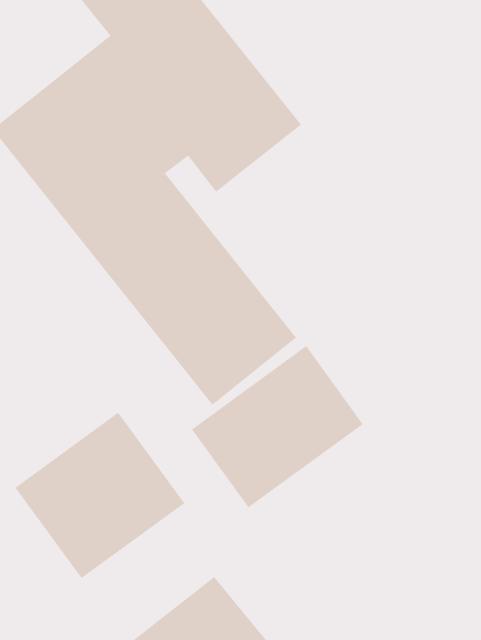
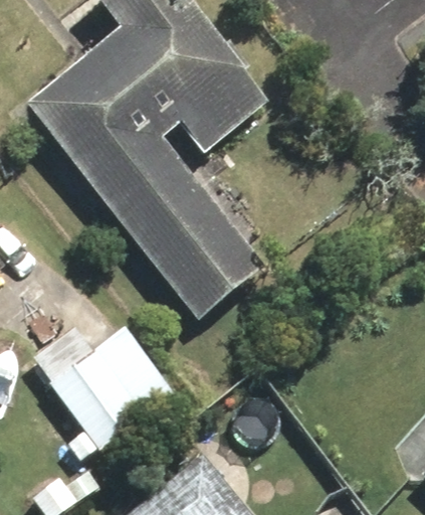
building: [191,345,363,508] -> none

